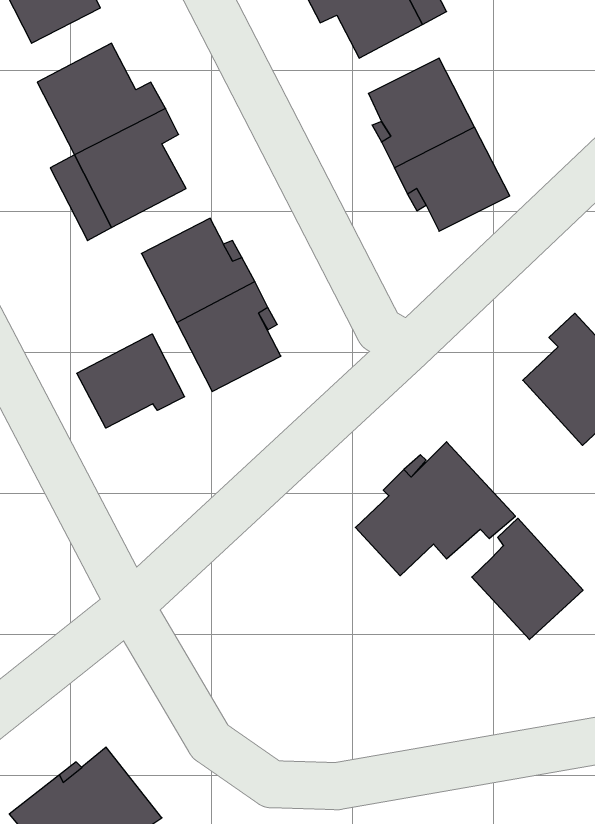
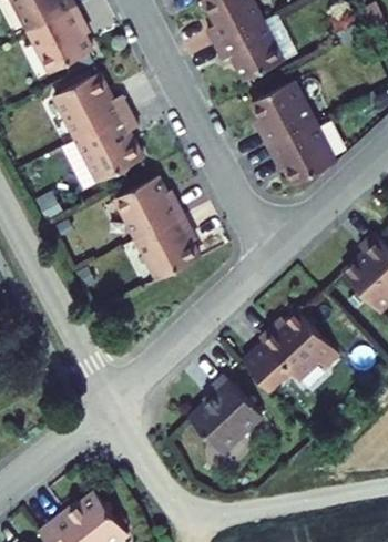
building: [77,334,185,428] -> none
building: [472,518,583,640] -> none
building: none -> [188,376,262,453]

